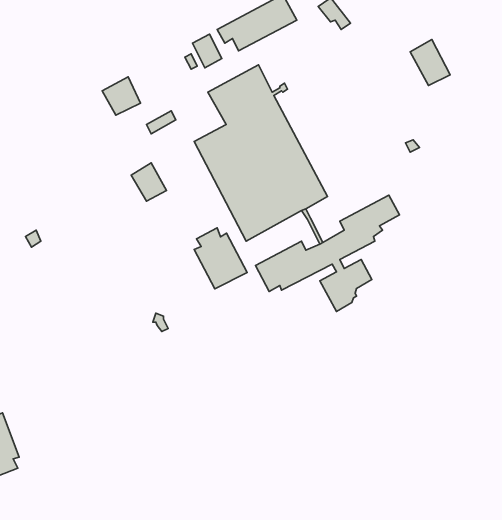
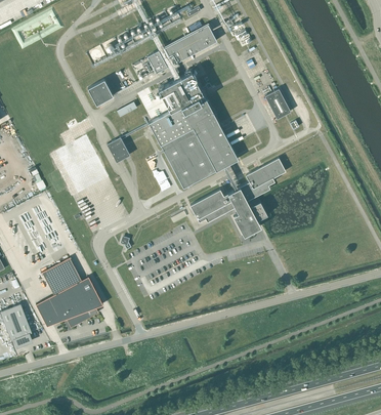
building: [410,40,450,86] -> [264,88,291,119]
building: [194,228,247,289] -> none
building: none -> [36,257,102,327]

